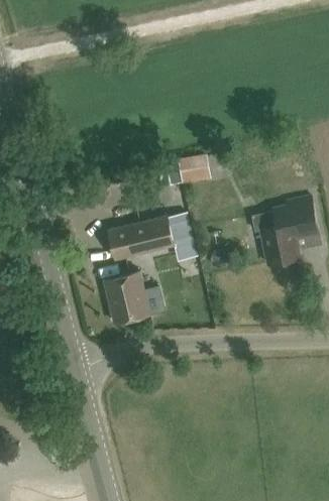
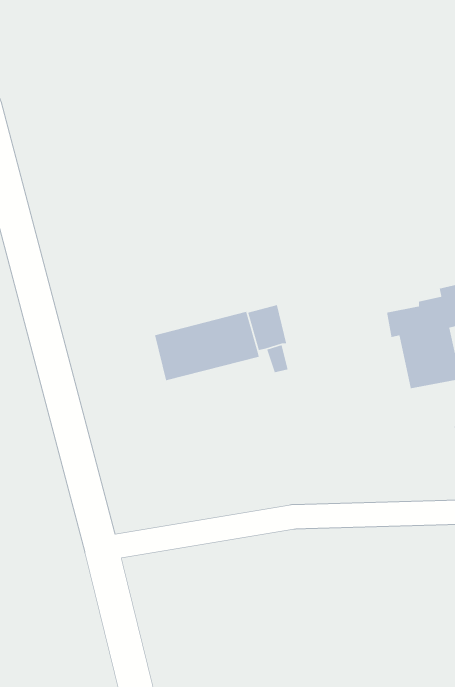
building: [179,155,210,184] -> none
building: [104,272,150,324] -> none

